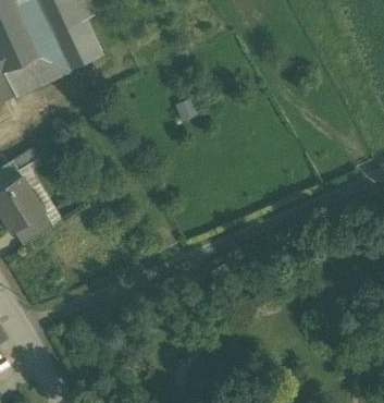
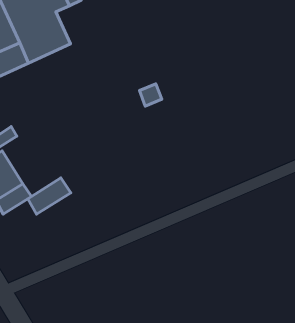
building: none -> [28,178,71,214]

